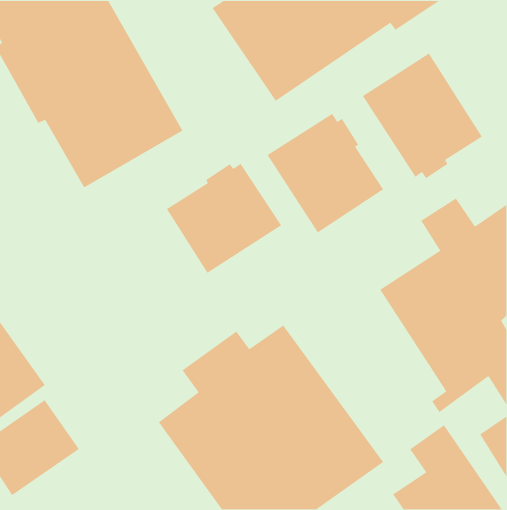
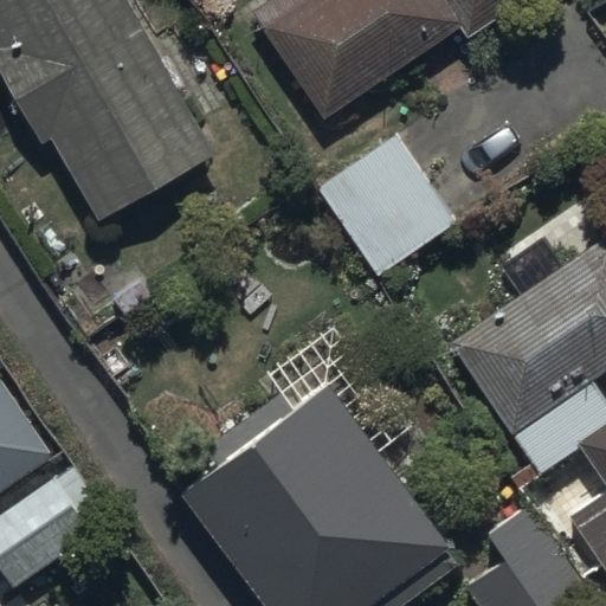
building: [362,52,483,179] -> none
building: [166,163,282,274] -> none

